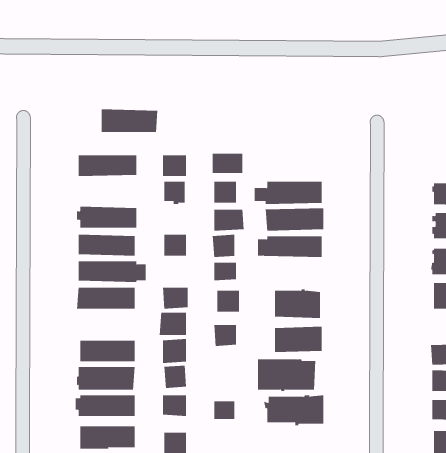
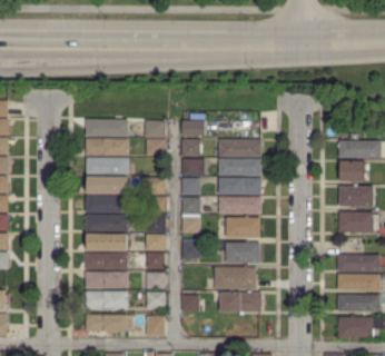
building: [101,109,158,132] -> [87,138,128,155]
building: none -> [219,196,260,214]
building: none -> [86,233,126,250]

